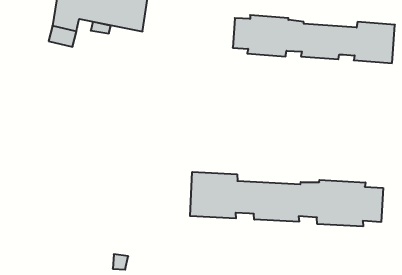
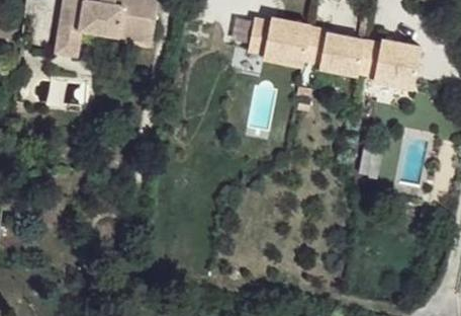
building: [190,172,383,226] -> none

